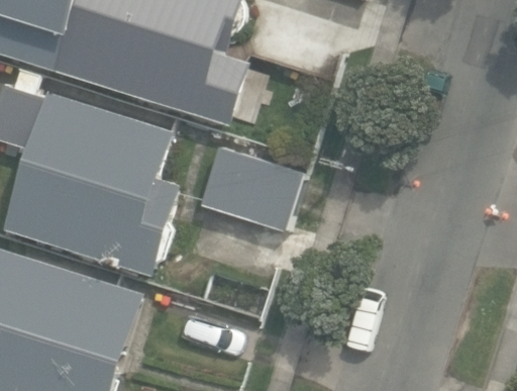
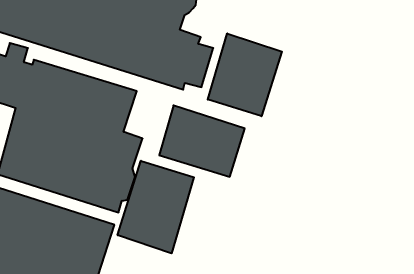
building: none -> [208,33,282,116]
building: none -> [118,161,194,253]

